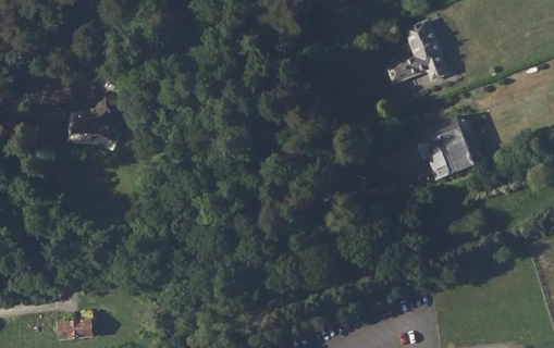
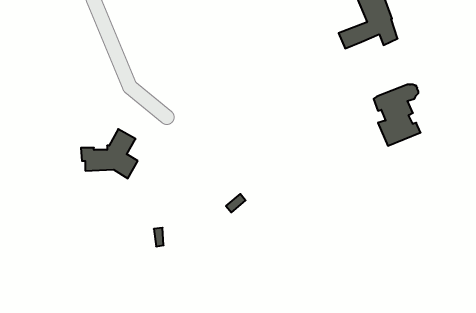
building: [66,92,123,141] -> [81,129,138,178]
building: [60,322,93,339] -> none

